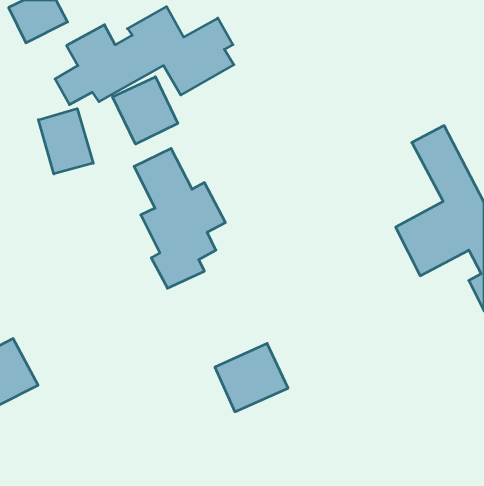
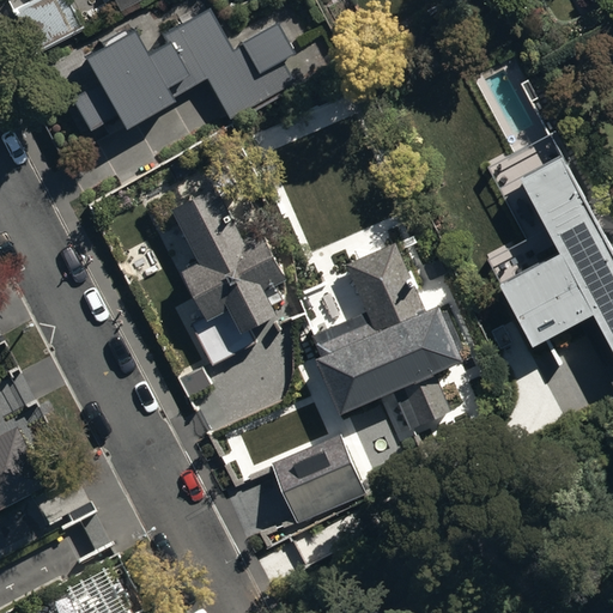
building: [113,77,178,144] -> none
building: [38,109,93,174] -> none
building: none -> [311,241,462,431]

